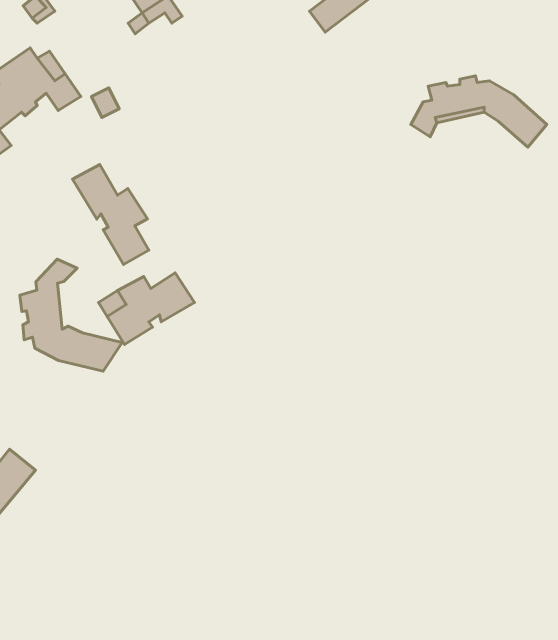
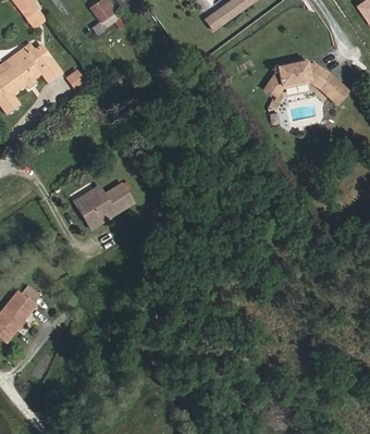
building: [72,164,149,264] -> none
building: [20,259,122,371] -> none

